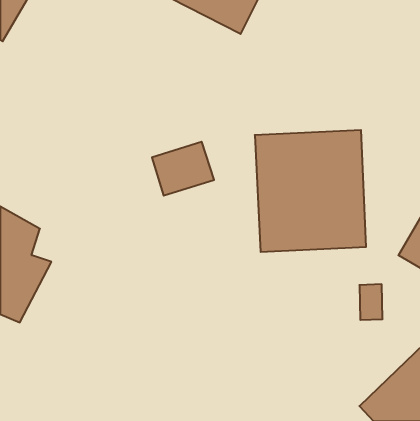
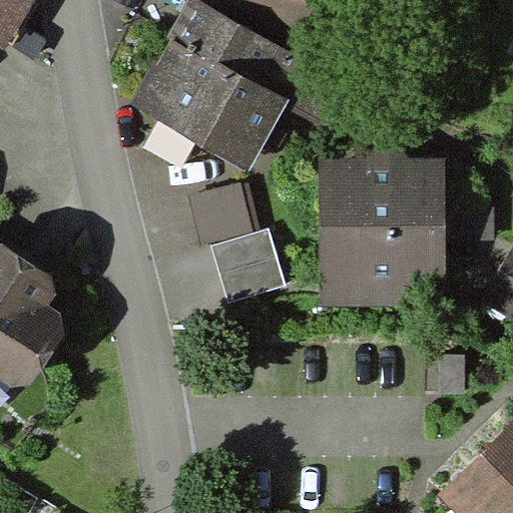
building: none -> [129,6,338,171]
building: none -> [210,220,288,295]

